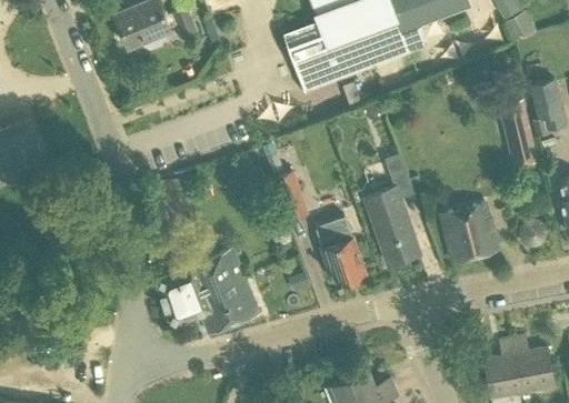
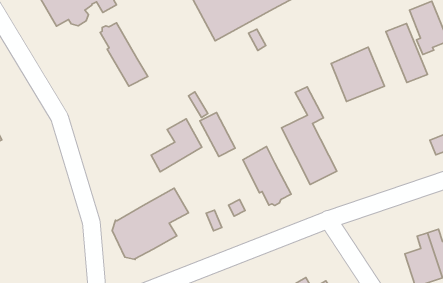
building: none -> [100,23,148,86]
building: [441,204,498,262] -> [331,47,385,102]
building: [200,279,259,334] -> [151,119,202,172]

